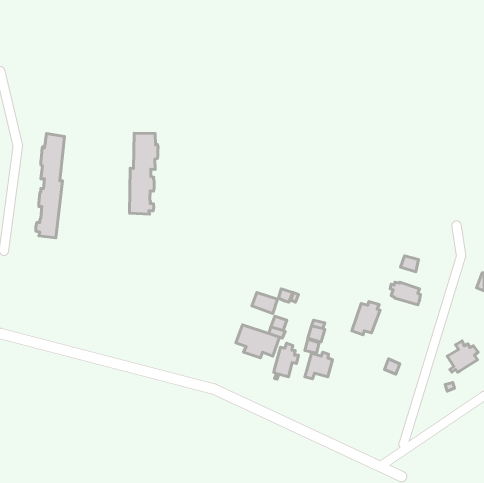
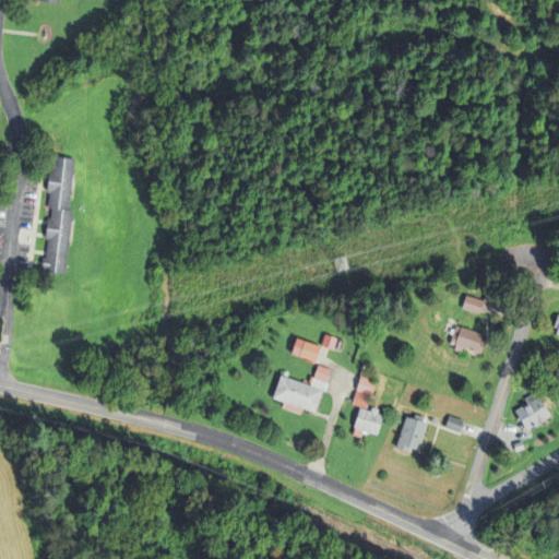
building: [130,133,158,214] -> none
building: [352,302,380,335] -> [395,415,428,453]
building: [274,343,299,379] -> none

